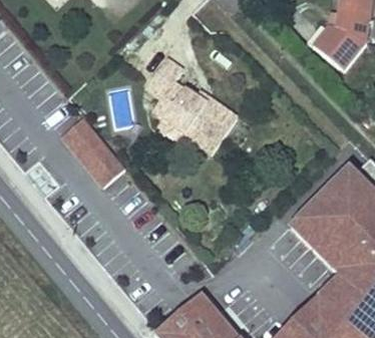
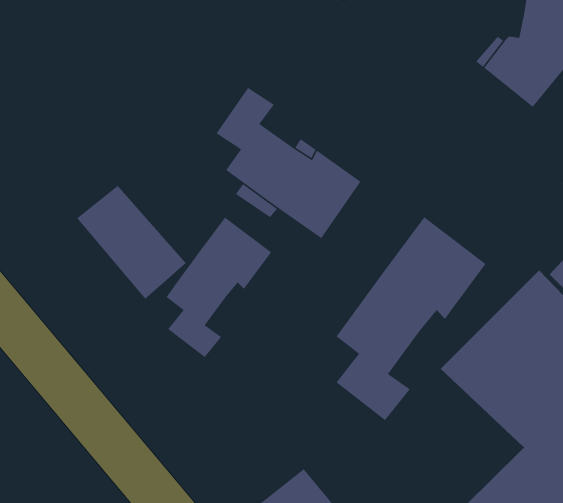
building: none -> [335,216,486,421]
building: none -> [165,216,272,358]

